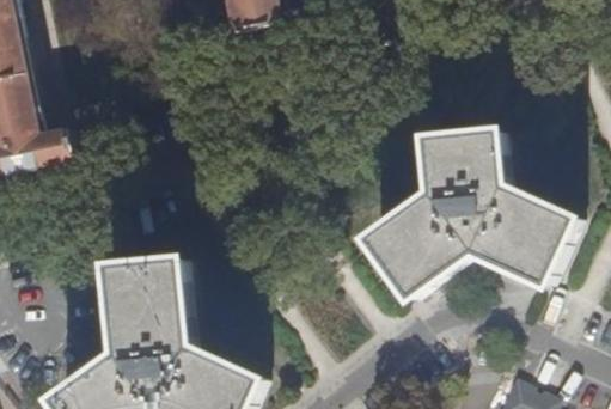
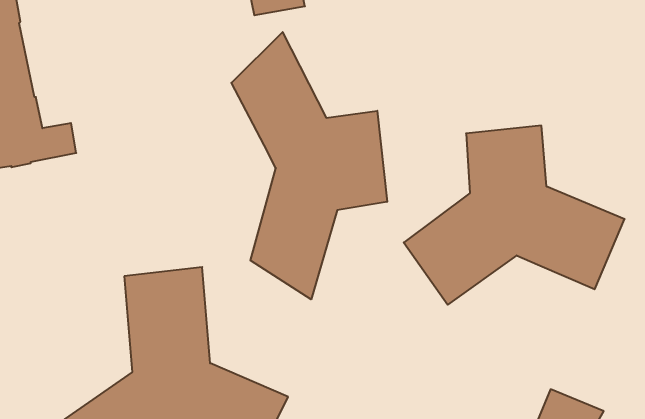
building: none -> [231,32,387,299]

